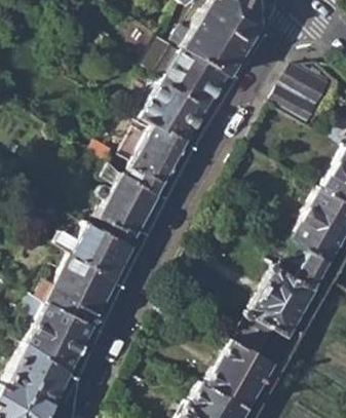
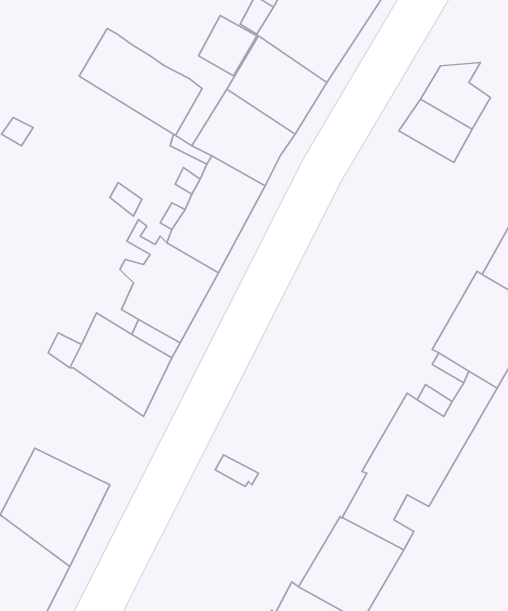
building: none -> [79,28,202,136]
building: [32,253,114,325] -> none

